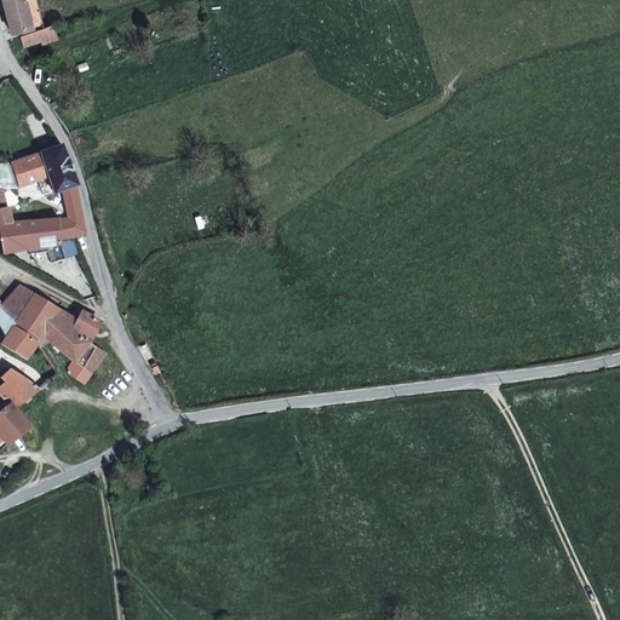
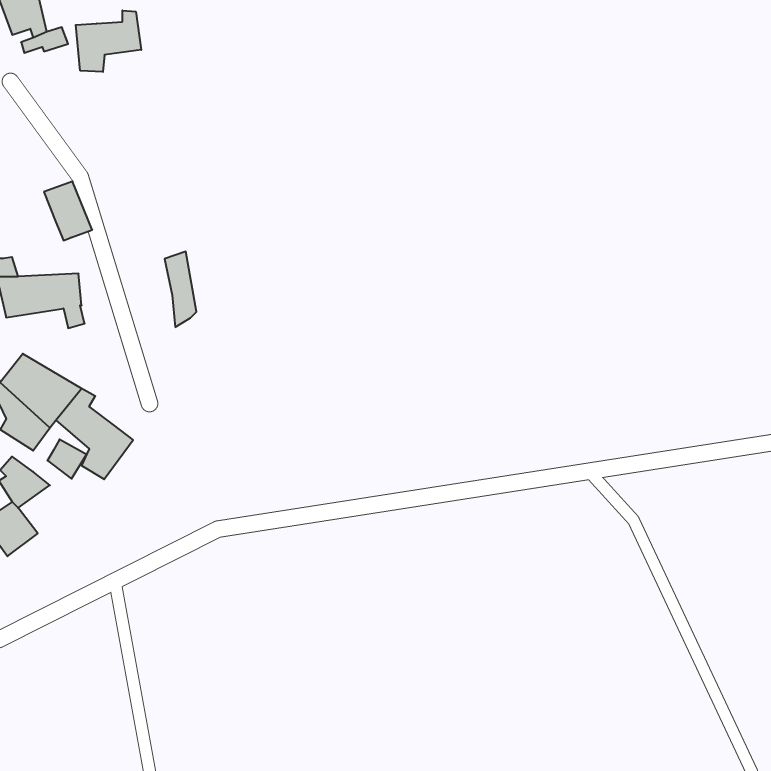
building: none -> [76,10,141,72]
building: [8,154,45,186] -> none
building: [57,184,82,245] -> [165,251,196,327]
building: [71,309,103,340] -> [47,439,87,479]

